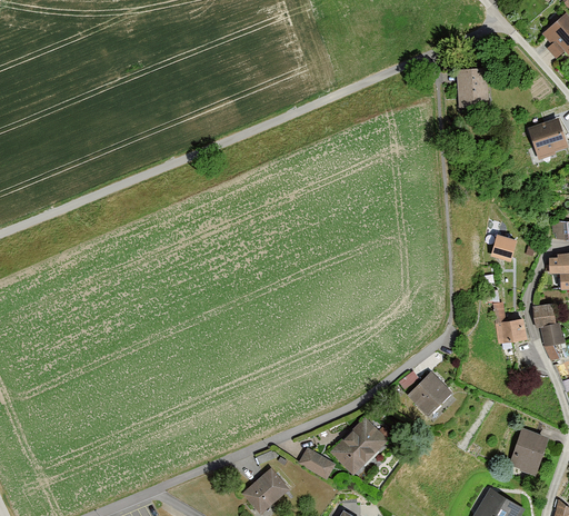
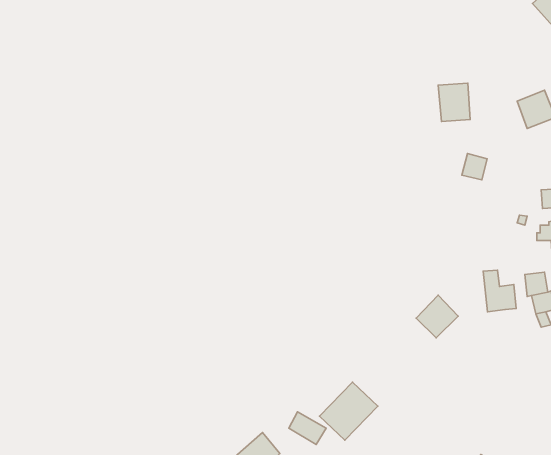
building: [459,69,491,108] -> [438,83,470,122]
building: [493,235,519,261] -> [462,153,487,180]
building: [407,369,449,413] -> [416,295,458,338]
building: [508,430,548,476] -> none

